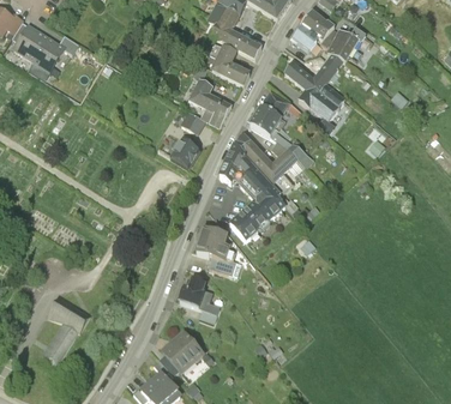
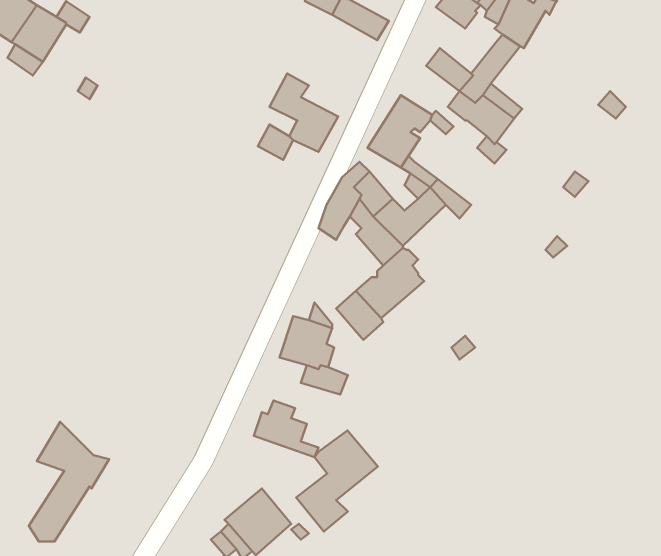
building: [210,44,249,85] -> none
building: [170,135,200,168] -> none
building: none -> [296,430,378,532]

